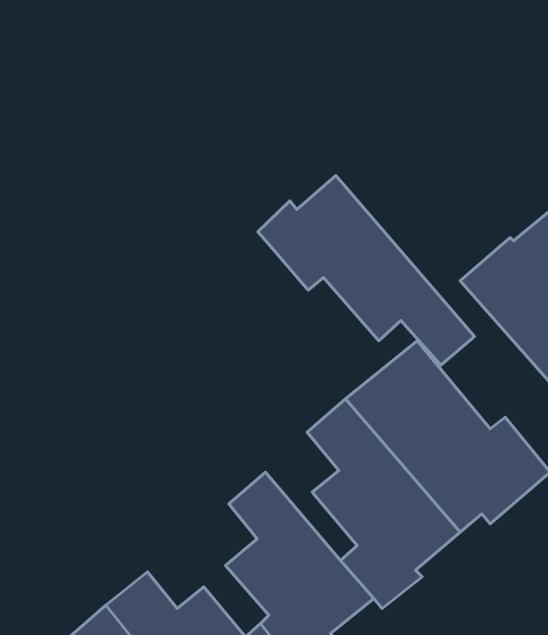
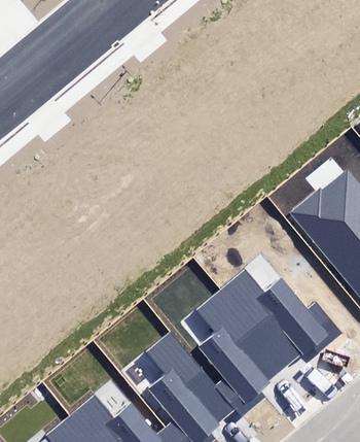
building: [258,176,475,365] -> none

